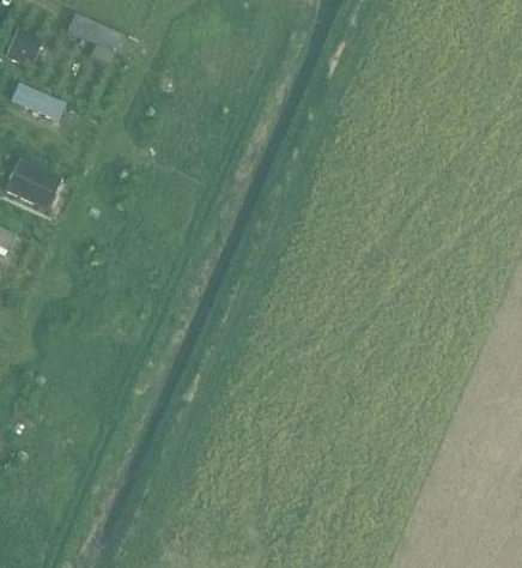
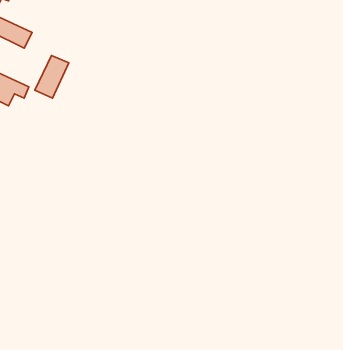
building: none -> [35,55,69,98]

